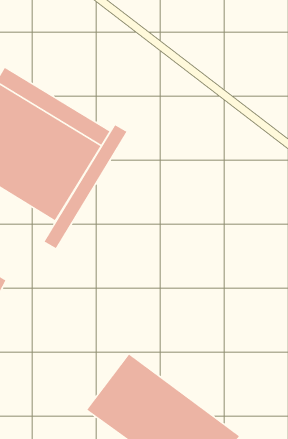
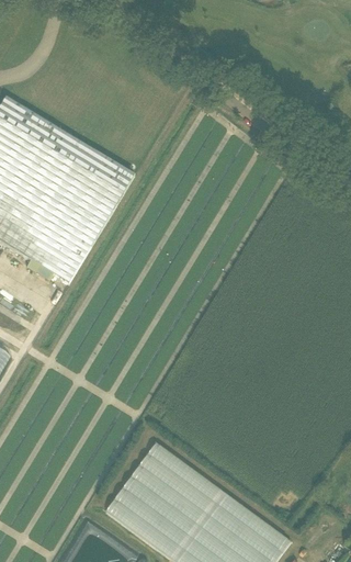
building: [44,124,127,249] -> none

